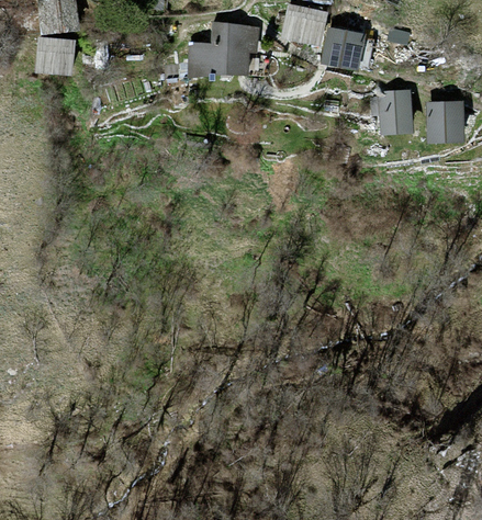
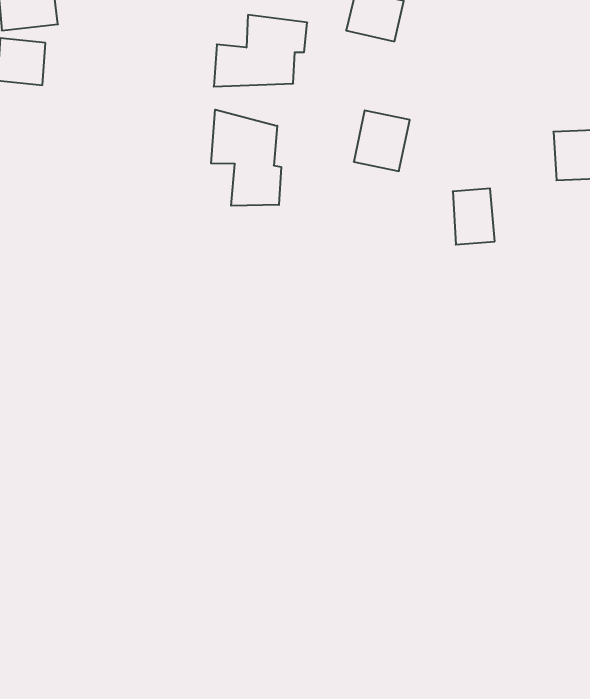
building: [323,26,362,69] -> [354,110,410,171]
building: none -> [211,110,281,206]
building: [381,91,411,131] -> [453,188,495,245]

